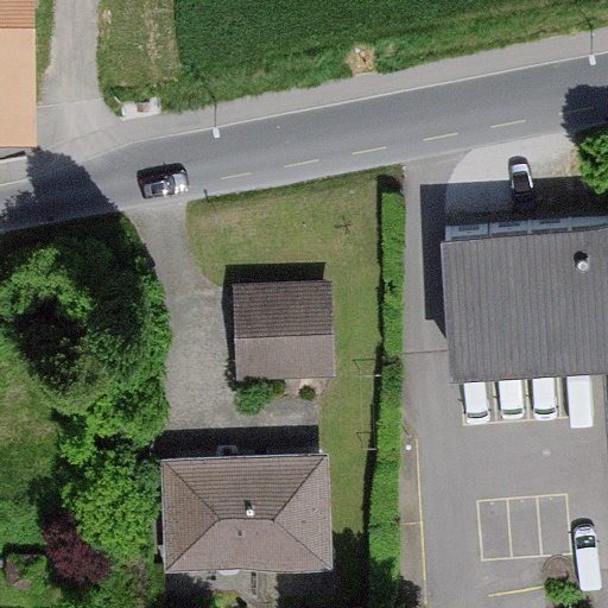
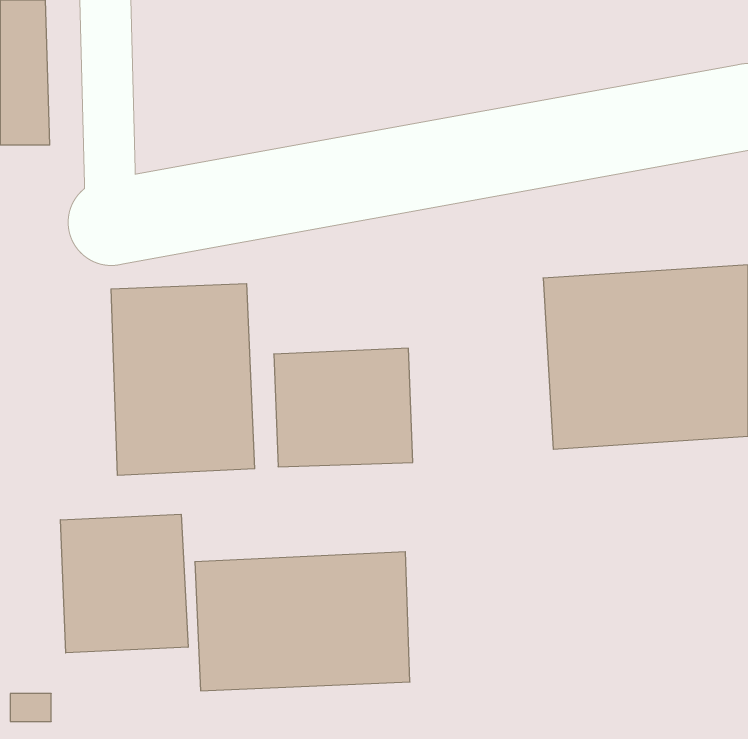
building: none -> [111,284,255,475]
building: none -> [60,514,188,653]

